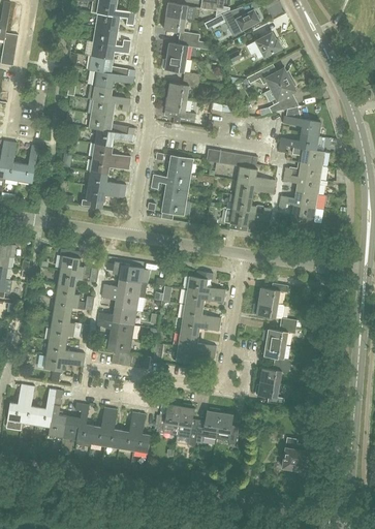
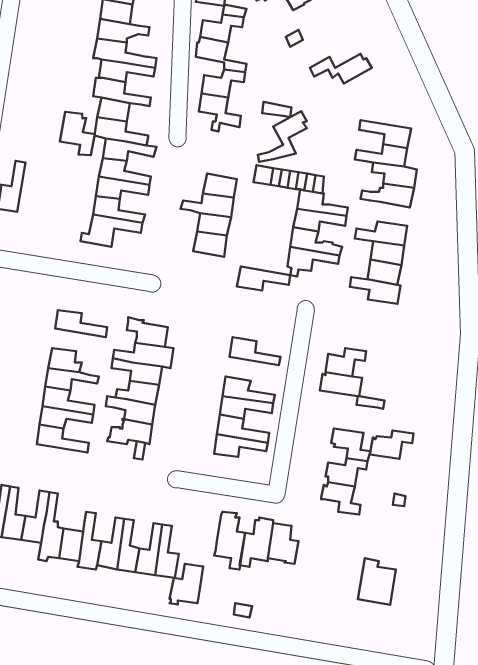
building: [247,32,281,58] -> none
building: [260,77,296,115] -> [258,111,307,162]
building: none -> [60,112,95,155]
building: [283,174,320,193] -> [350,277,400,304]
building: [58,269,97,285] -> none
building: [185,289,224,307] -> [237,267,290,291]
building: [264,324,296,345] -> [370,431,414,459]
building: [36,353,84,371] -> none
building: [157,403,182,433] -> [170,564,203,605]

